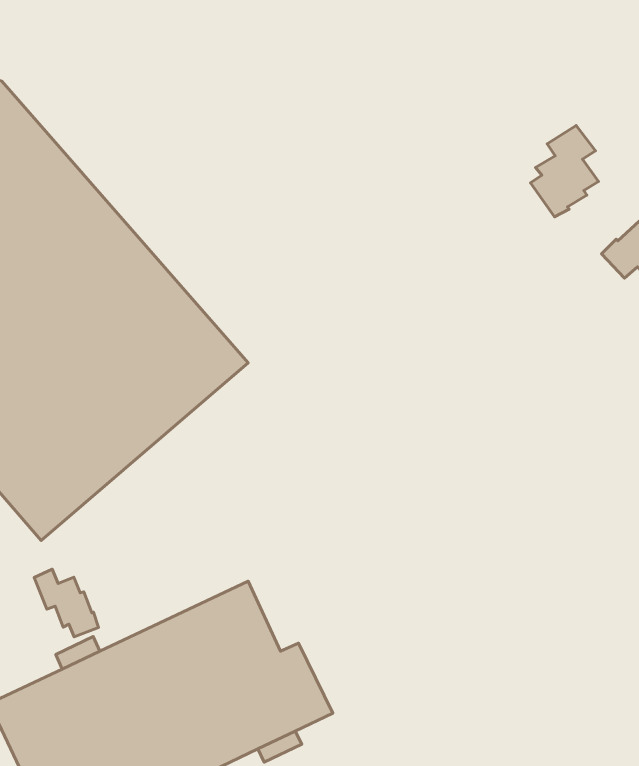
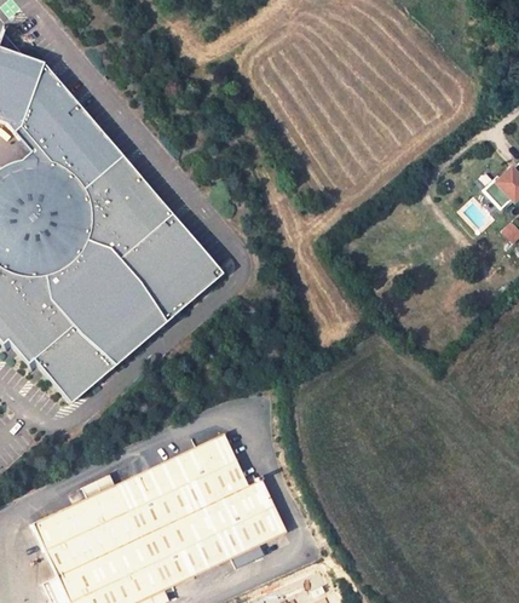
building: [531,126,598,217] -> none
building: [34,569,99,637] -> none

